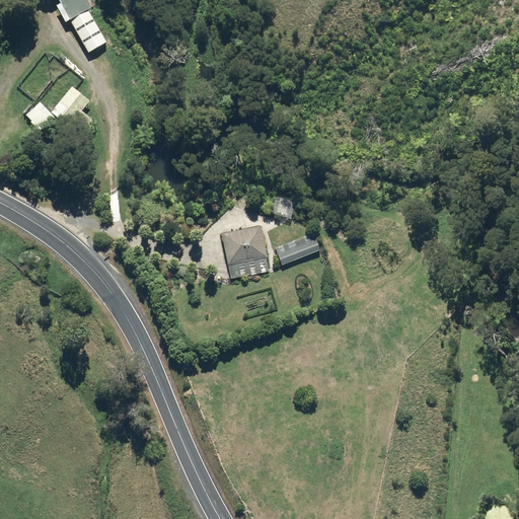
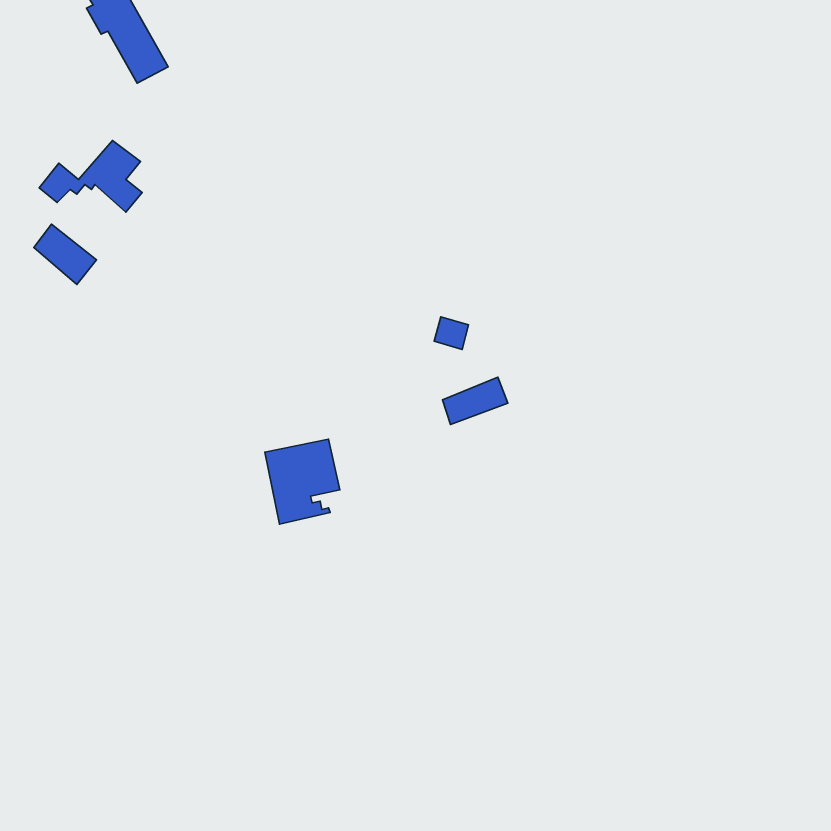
building: none -> [34,224,96,284]
building: [222,225,269,278] -> [265,439,340,524]

